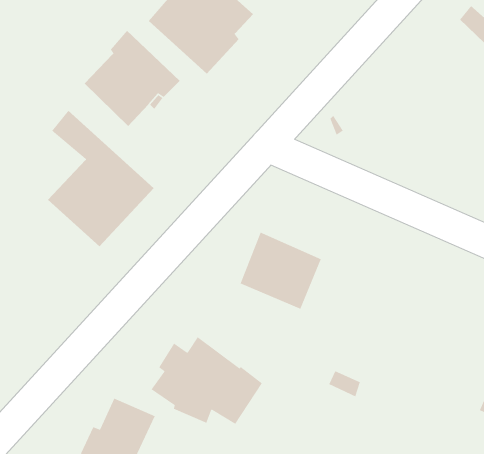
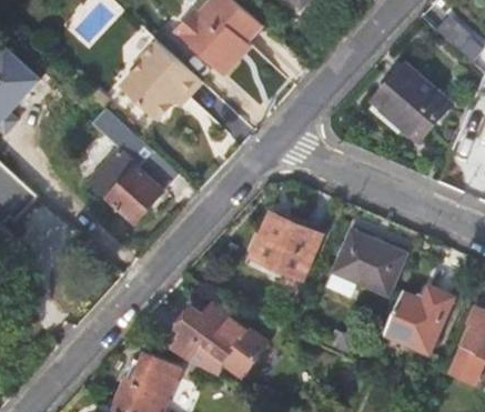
building: none -> [373,64,449,139]
building: none -> [326,229,404,295]
building: none -> [386,285,451,353]

